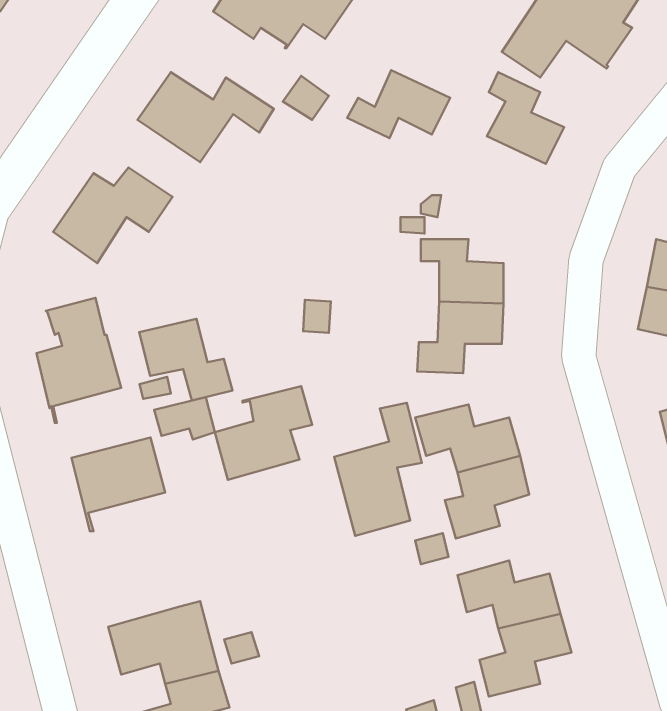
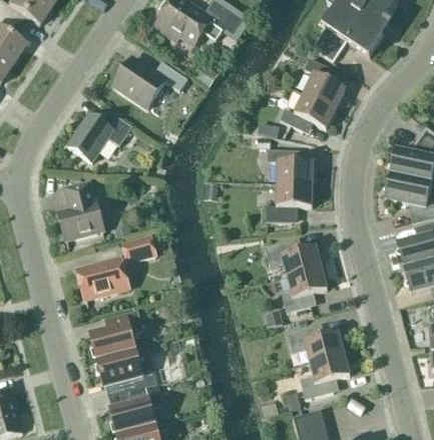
building: [347,70,450,138] -> [280,93,336,130]
building: [139,319,232,401] -> none
building: [215,386,312,480] -> [90,310,143,361]
building: [334,403,422,536] -> none

